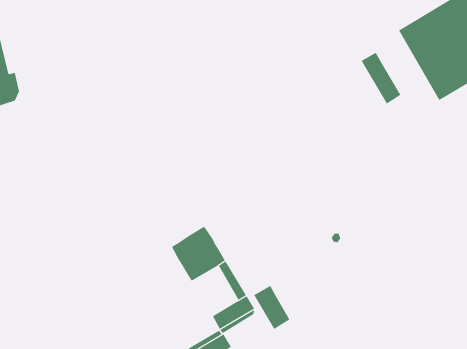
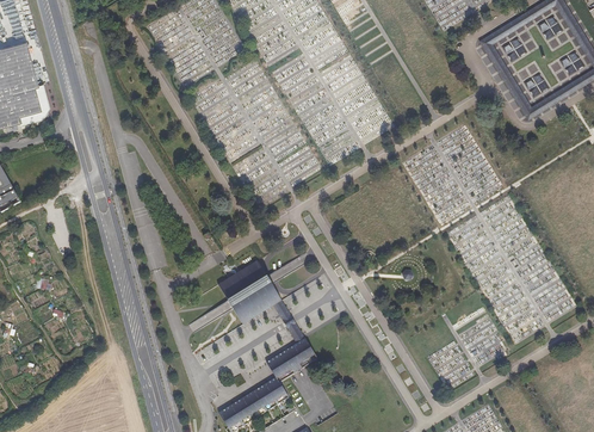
building: [361,52,401,104] -> none
building: [254,285,290,330] -> none

